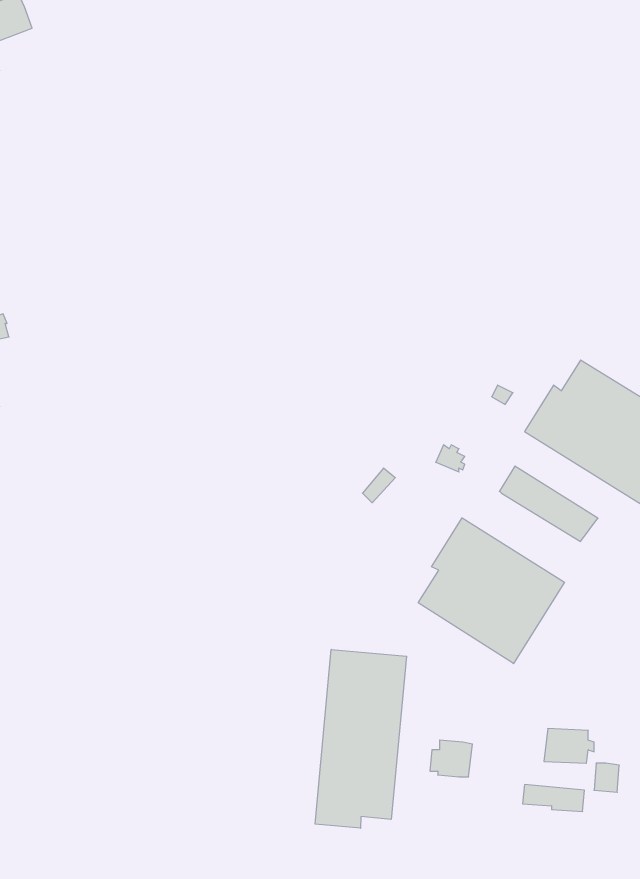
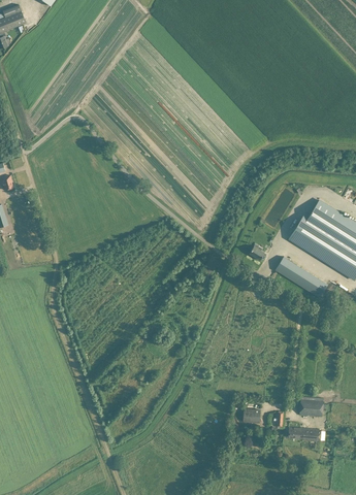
building: [418,518,565,664] -> none
building: [315,649,407,828] -> none

